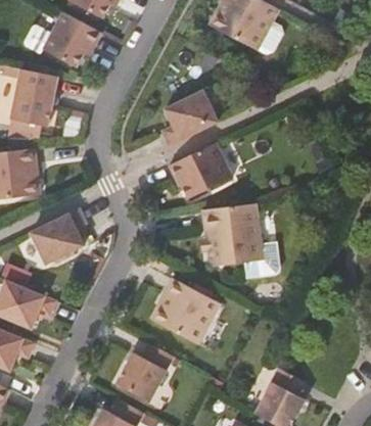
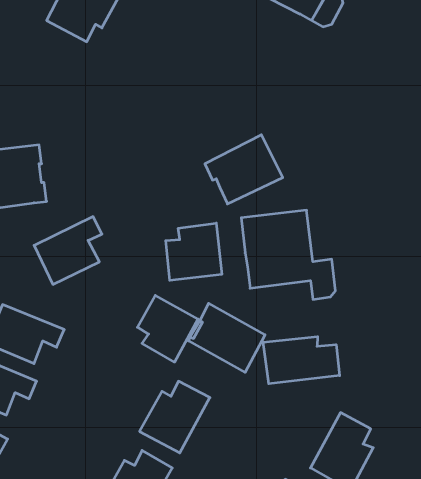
building: [11,69,55,127] -> none
building: [163,91,218,145] -> none
building: none -> [166,223,222,280]
building: none -> [137,295,198,362]
building: none -> [263,337,340,384]

